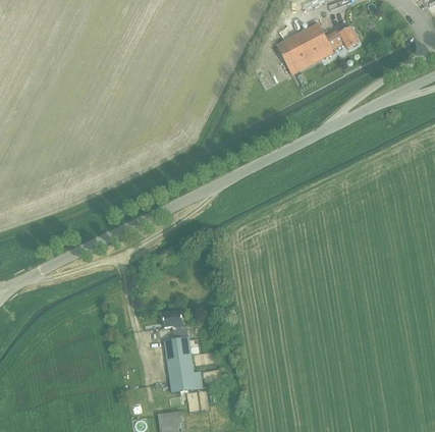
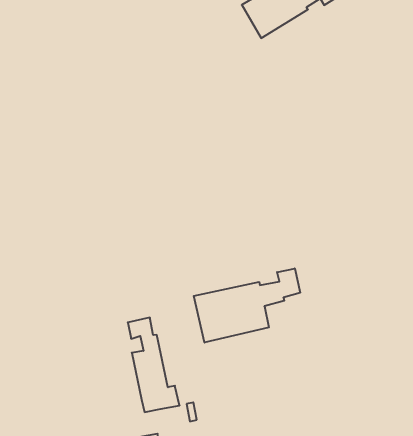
building: none -> [194,268,300,343]

